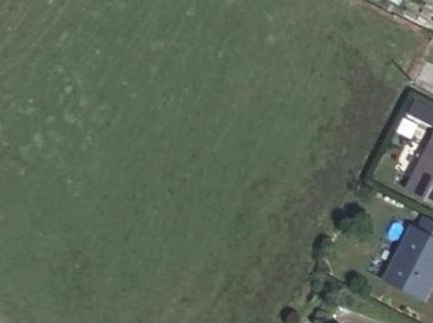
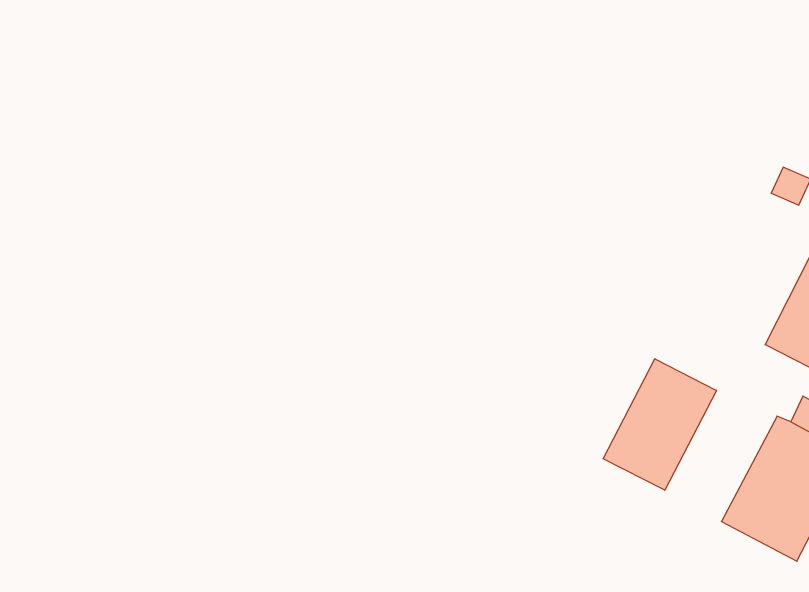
building: none -> [603,359,717,490]

